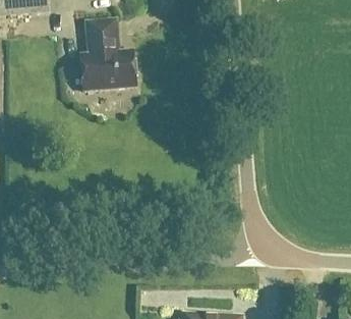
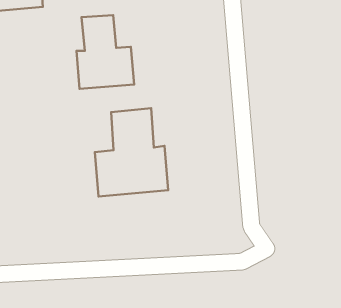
building: none -> [95,108,168,196]

